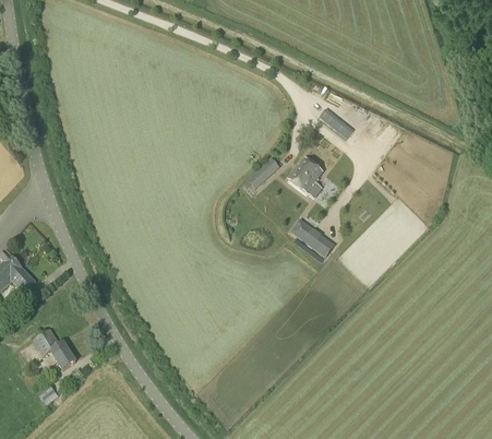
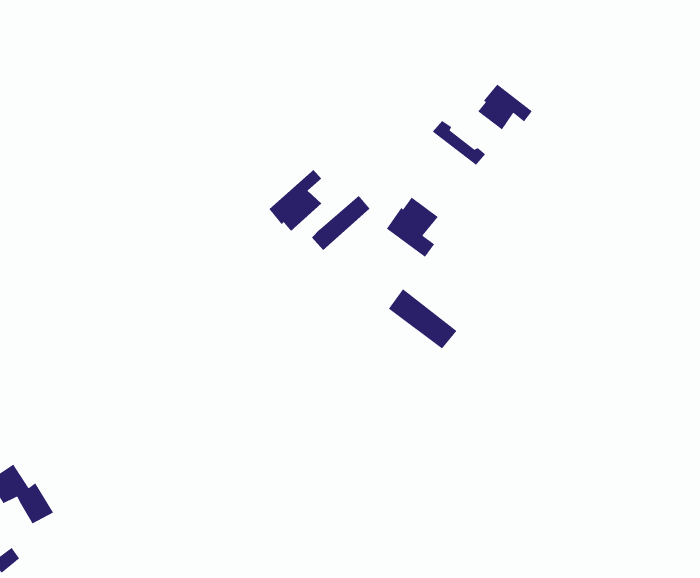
building: none -> [477,84,533,131]
building: none -> [268,169,322,232]

